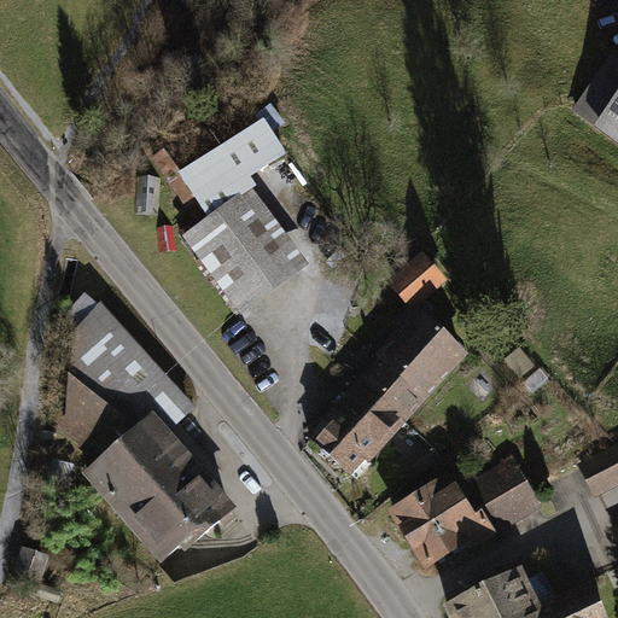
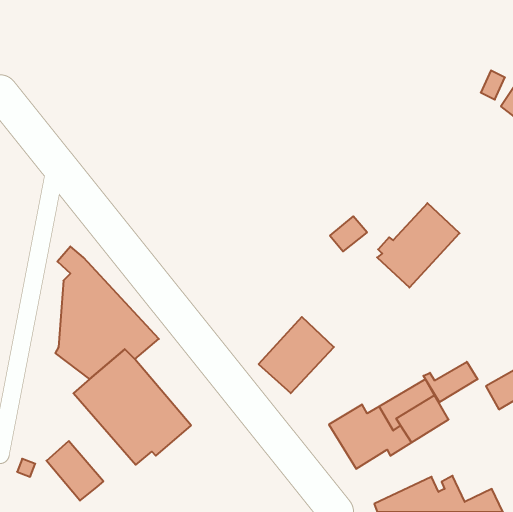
building: [182,123,296,303] -> none
building: [363,315,462,416] -> [377,203,460,288]
building: none -> [423,362,478,402]
building: none -> [46,441,103,501]

